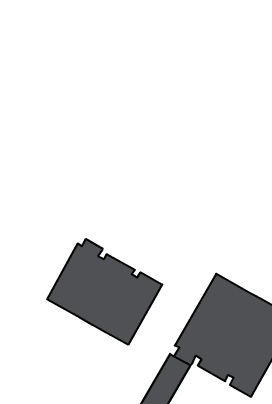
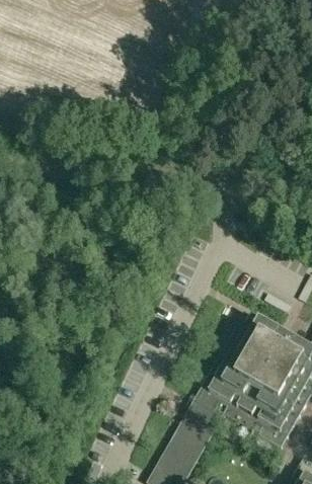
building: [47,239,162,345] -> none

